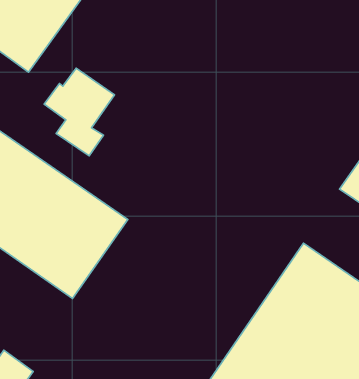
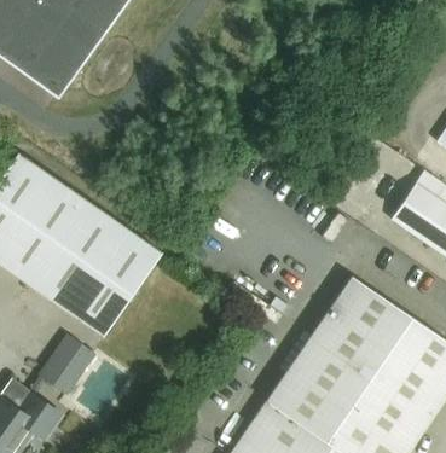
building: [44,68,115,156] -> none
building: none -> [36,332,93,393]

